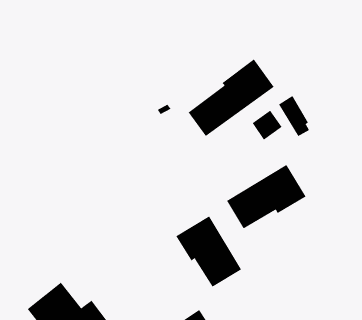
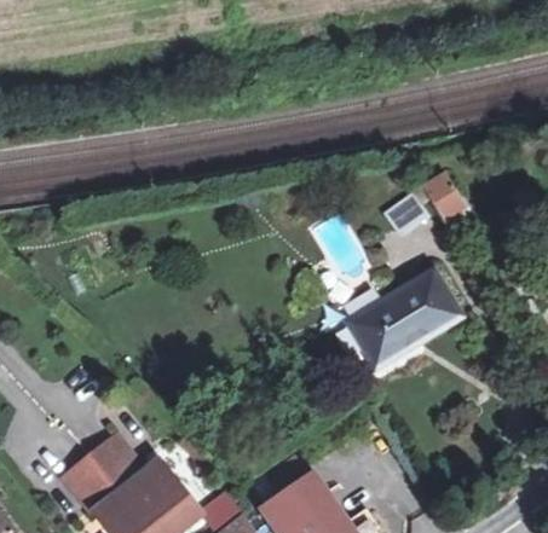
building: [188,59,274,137] -> none
building: [175,216,242,287] -> none

